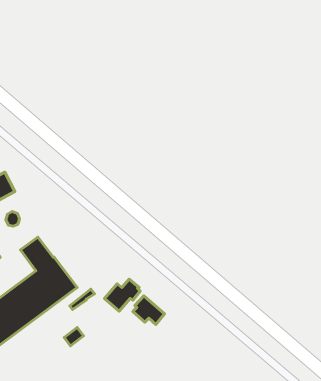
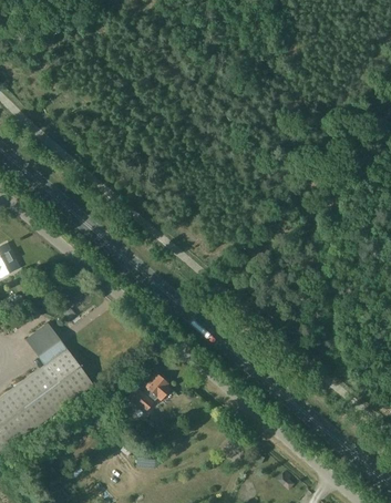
building: [133,296,165,325] -> none

